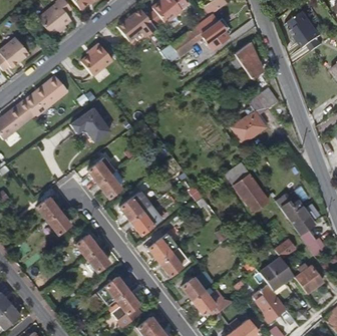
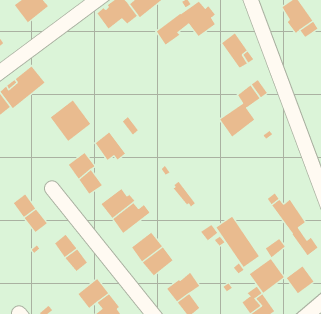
building: [79,42,111,74] -> none
building: none -> [95,132,126,161]
building: [227,162,269,212] -> [216,216,260,268]

